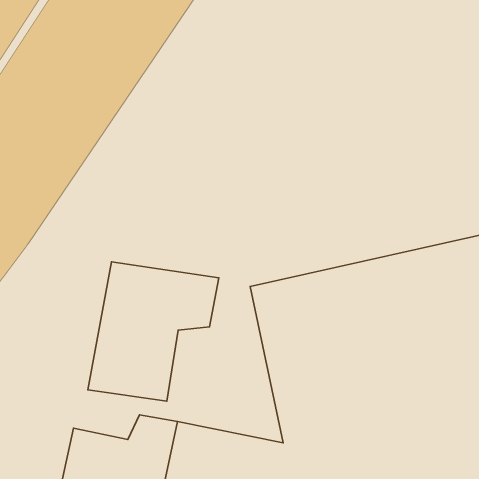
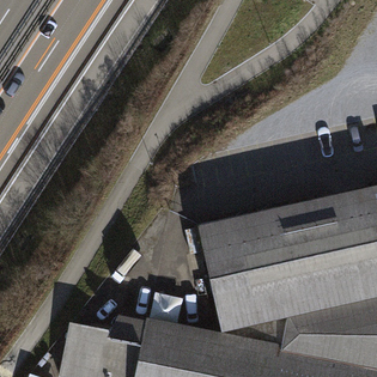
building: [88,262,219,401] -> none

